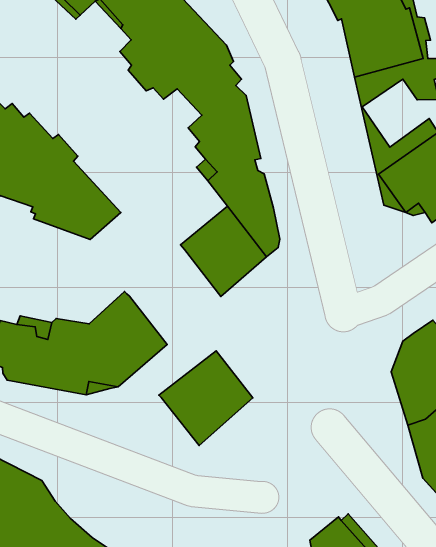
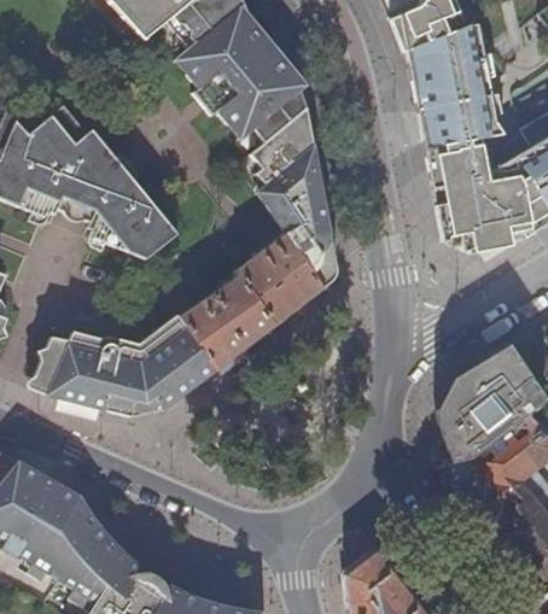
building: none -> [427,116,494,183]
building: [159,351,253,446] -> [180,274,274,368]

